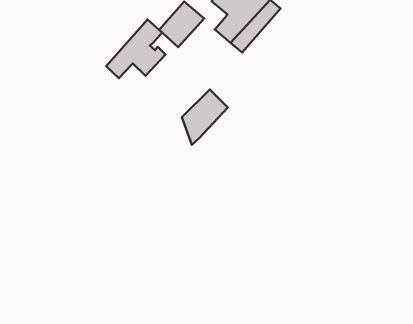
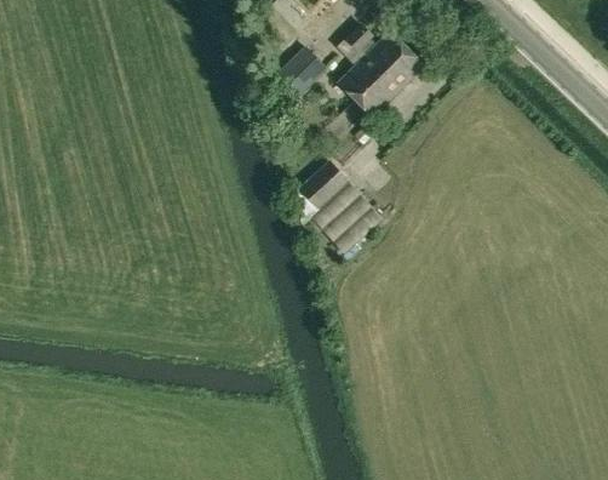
building: [106,20,166,78] -> none
building: none -> [310,182,379,250]

